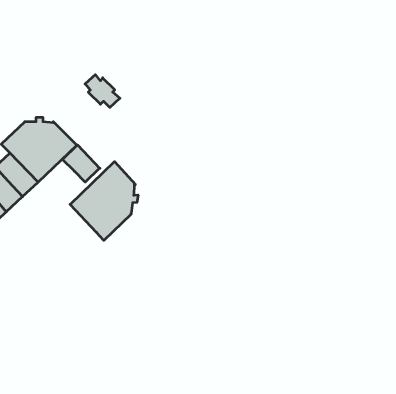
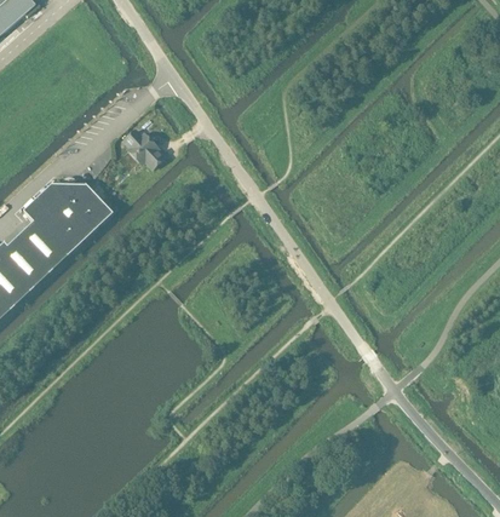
building: [63,145,100,182] -> none
building: [70,162,138,240] -> none

